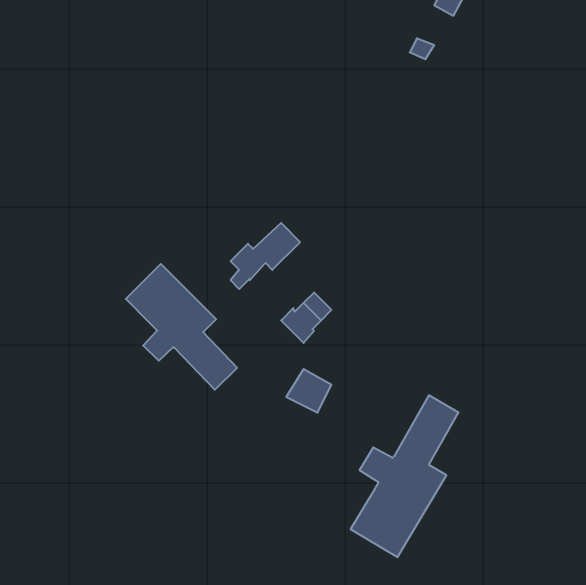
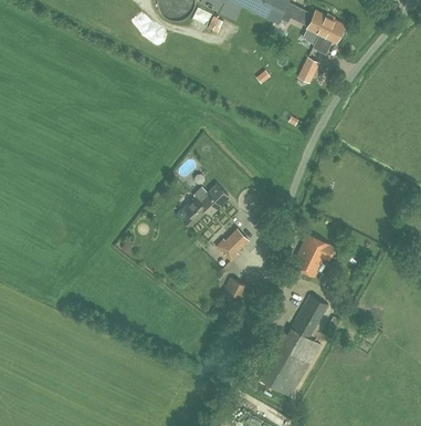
building: [126,264,237,390] -> none
building: none -> [290,232,333,277]

